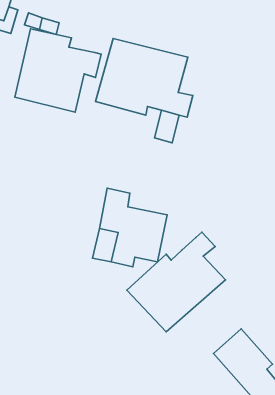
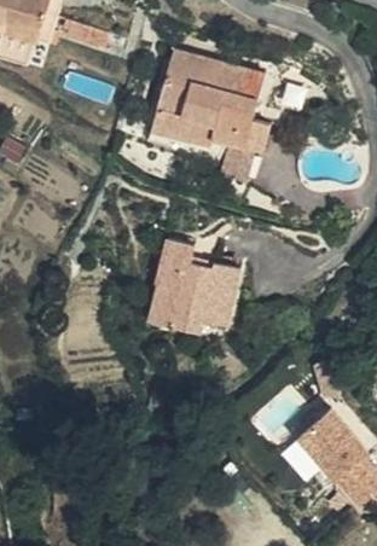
building: [15,29,101,112] -> none
building: [127,232,225,332] -> none

